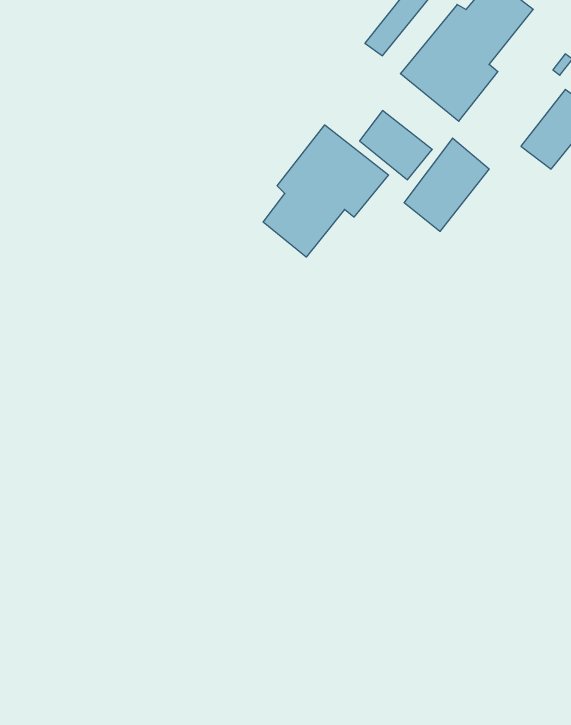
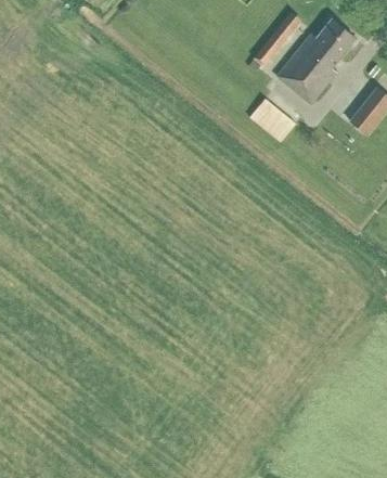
building: [263,125,389,257] -> none
building: [404,138,489,231] -> none

